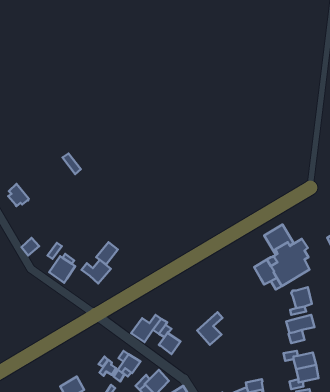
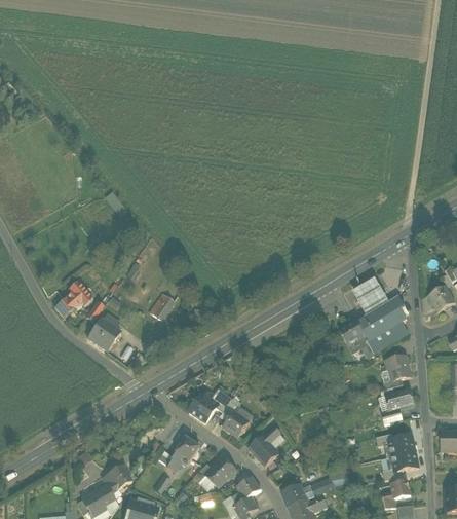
building: [8,184,29,206] -> [67,279,92,306]
building: [81,260,111,284] -> none
building: [197,312,222,345] -> [250,425,280,466]

